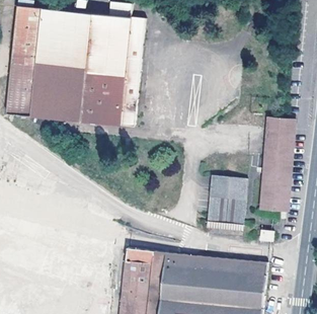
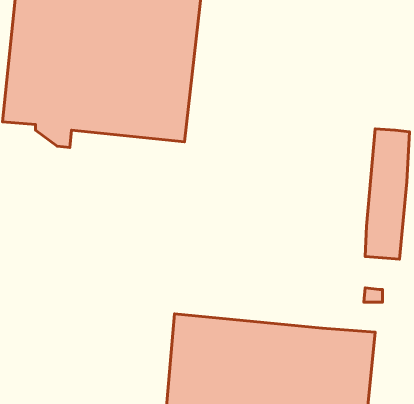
building: [207,174,247,234] -> none

